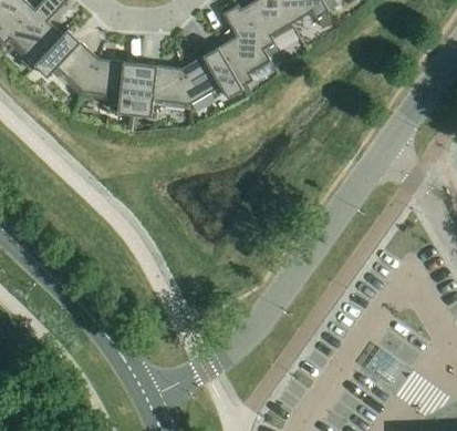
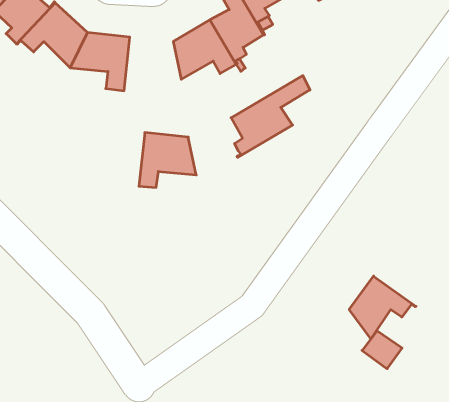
building: [134,63,189,116] -> [139,133,196,187]
building: none -> [231,76,310,157]
building: none -> [349,276,416,339]

